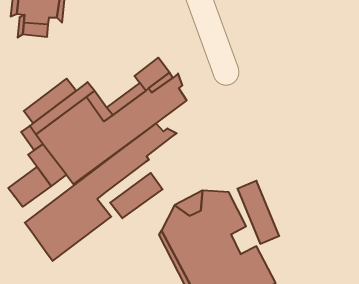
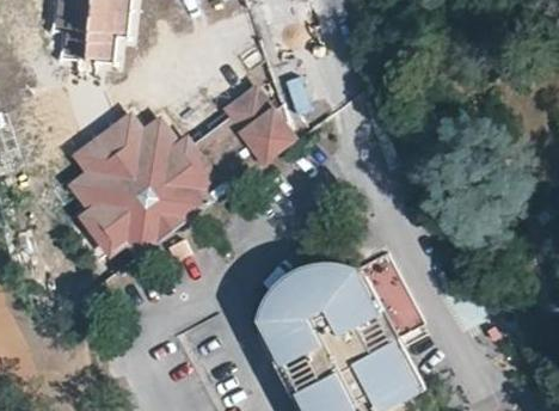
building: [25,123,177,261] -> none
building: [8,167,51,207] -> none
building: [110,173,163,218] -> none

